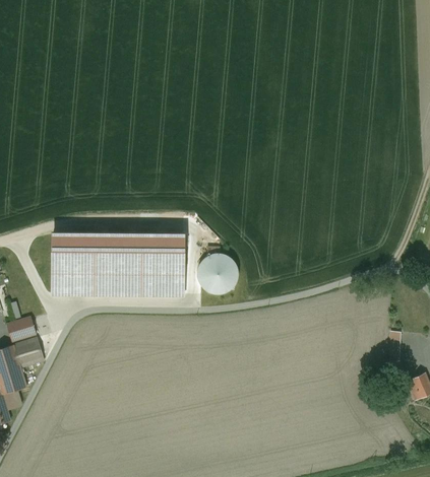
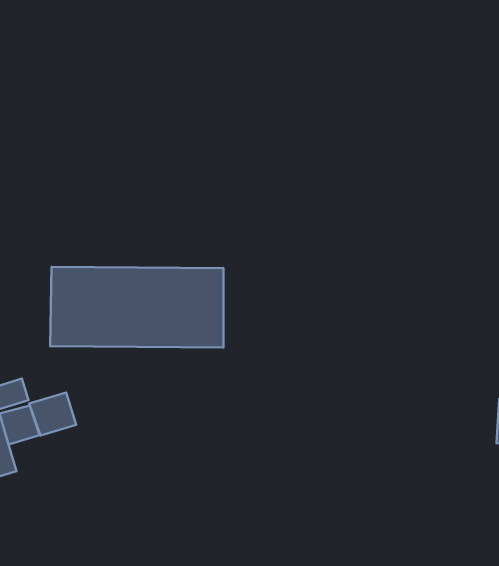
building: [197,253,238,294] -> none
building: none -> [29,392,76,435]

